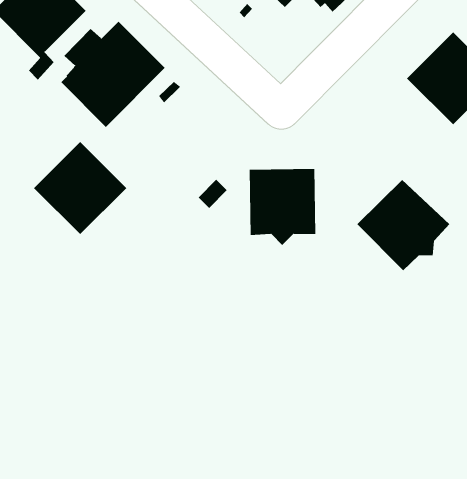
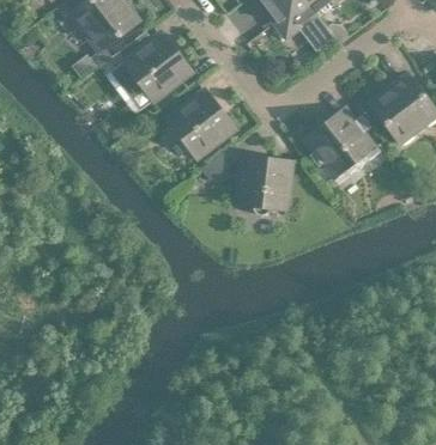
building: [33,141,127,235] -> [166,90,236,159]
building: [356,179,450,271] -> [305,109,375,177]

